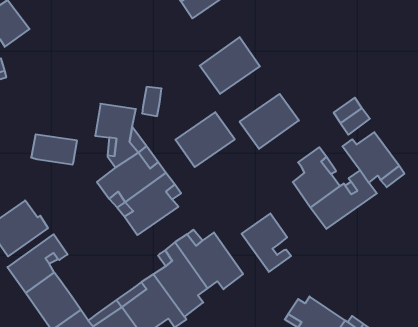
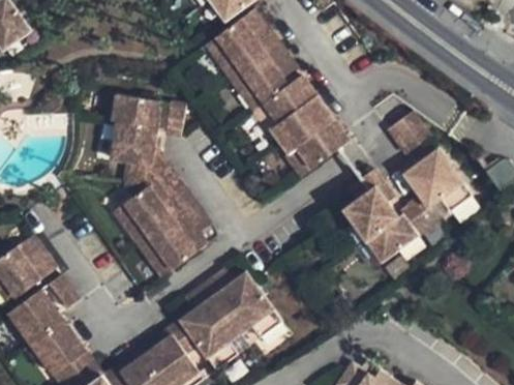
building: none -> [211,14,280,80]
building: [175,112,235,167] -> [258,81,327,145]
building: [31,134,77,165] -> [111,95,164,130]
building: [242,213,291,272] -> none

